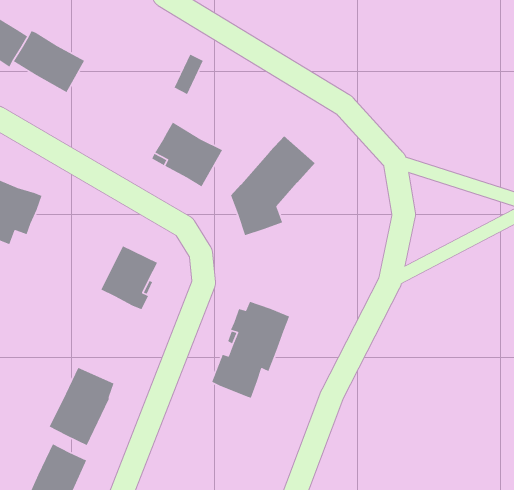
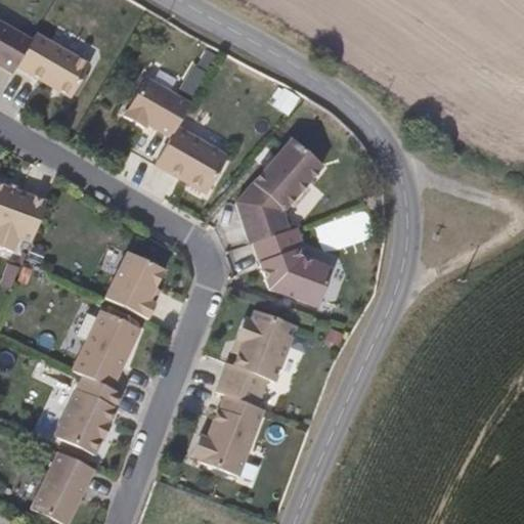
building: none -> [124,77,191,137]
building: none -> [261,249,332,307]
building: none -> [72,309,139,386]
building: none -> [192,393,264,476]

